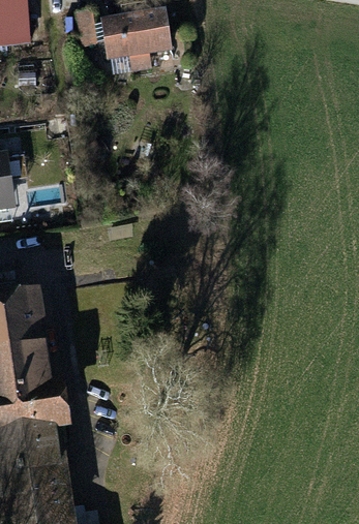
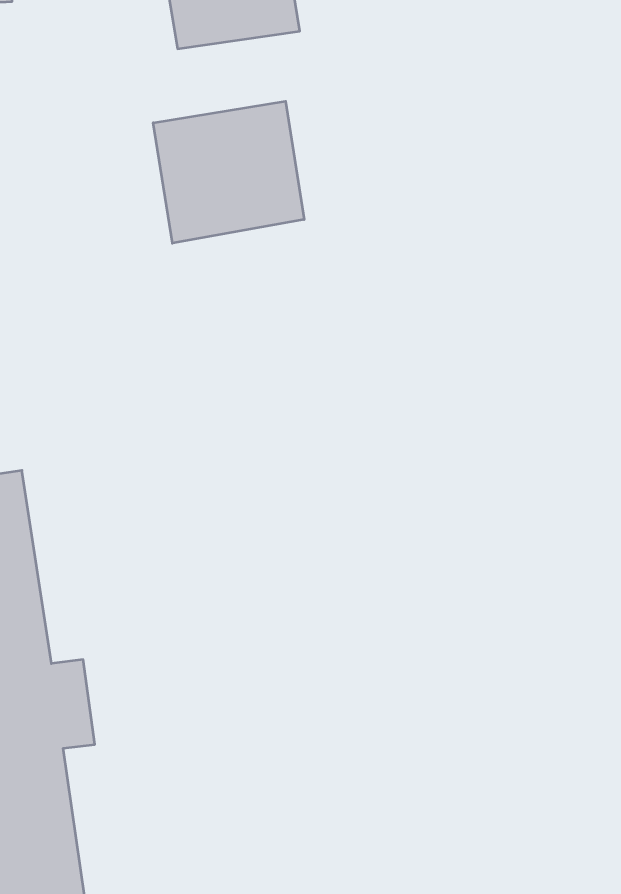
building: none -> [153,101,304,243]

